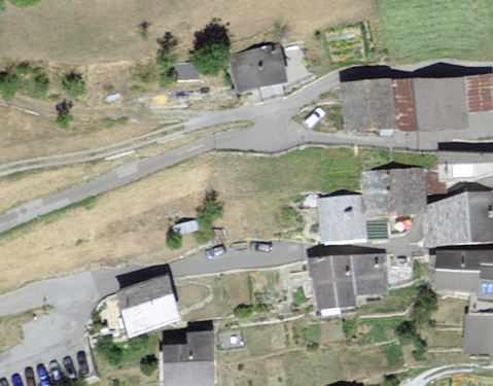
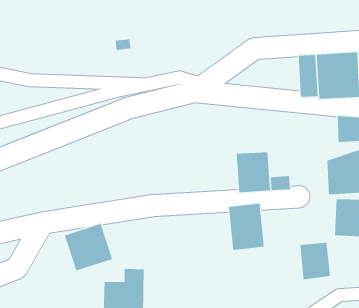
building: [234,42,283,89] -> none
building: [344,79,397,133] -> none
building: [365,167,424,218] -> none
building: [350,251,387,296] -> [299,242,331,280]

